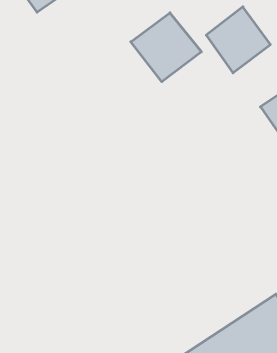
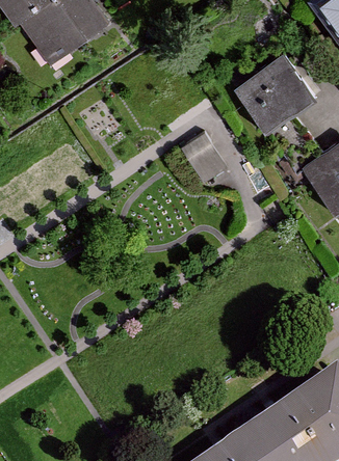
building: [131,13,201,82] -> none

